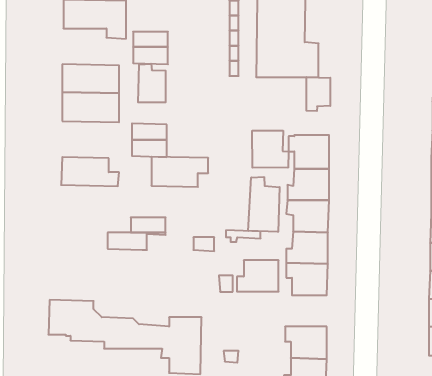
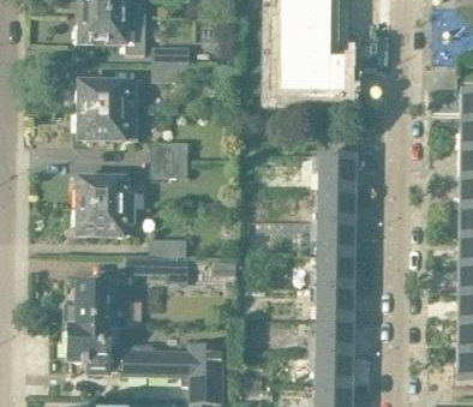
building: [138,64,166,102] -> none
building: [306,77,330,111] -> none
building: [252,131,289,168] -> none
building: [151,157,208,187] -> [78,207,137,238]
building: [248,177,280,232] -> none
building: none -> [66,282,130,327]
building: [237,260,279,292] -> [310,321,353,353]

